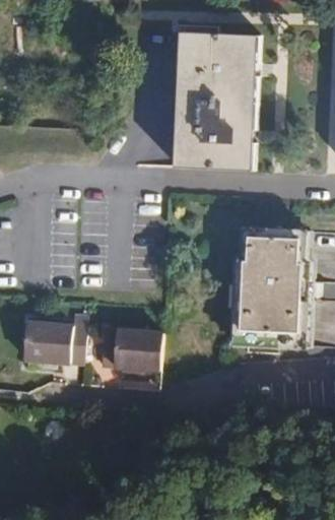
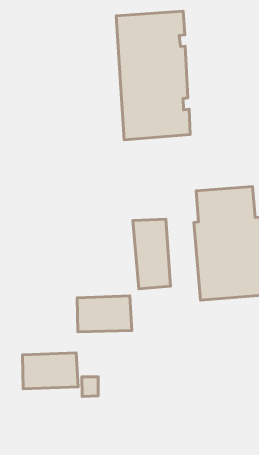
building: none -> [133,219,170,289]
building: [25,323,86,364] -> [22,353,78,389]

